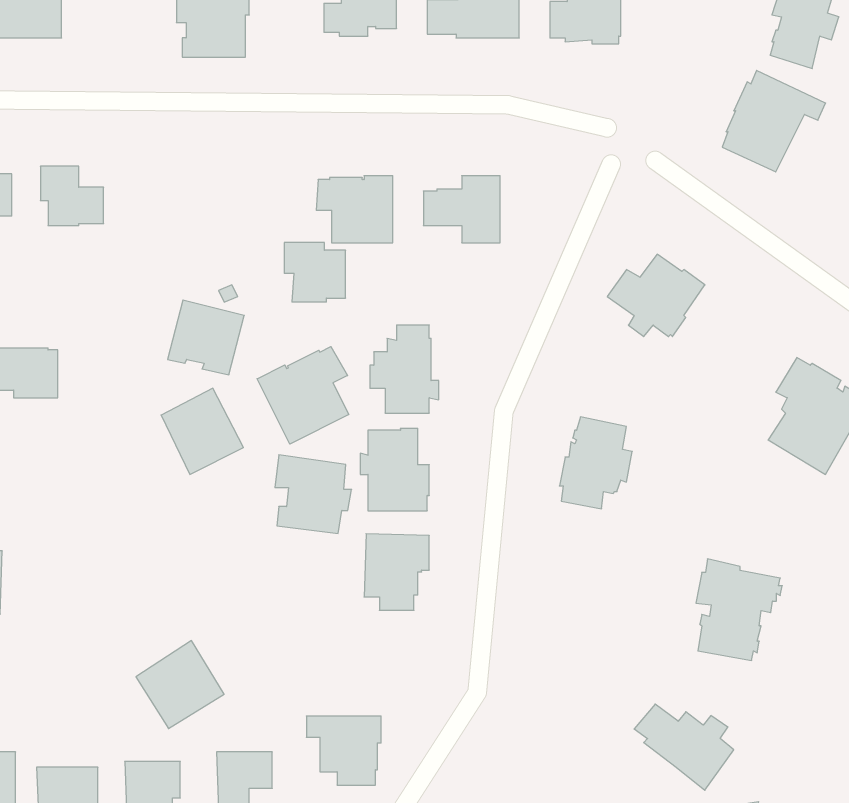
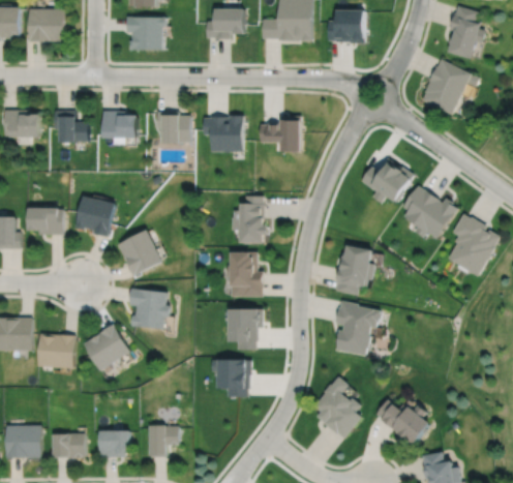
building: none -> [102,110,138,138]
building: [284,243,346,302] -> [157,111,190,143]
building: [168,300,244,375] -> [74,195,116,236]
building: none -> [401,185,457,238]
building: [257,347,349,444] -> none
building: [275,455,352,533] -> [130,288,172,330]
building: [696,559,782,660] -> [334,300,381,355]
building: none -> [38,333,77,369]
building: [136,641,224,729] -> [84,324,131,371]
building: none -> [313,376,360,439]
building: [306,716,381,785] -> [211,360,251,397]

